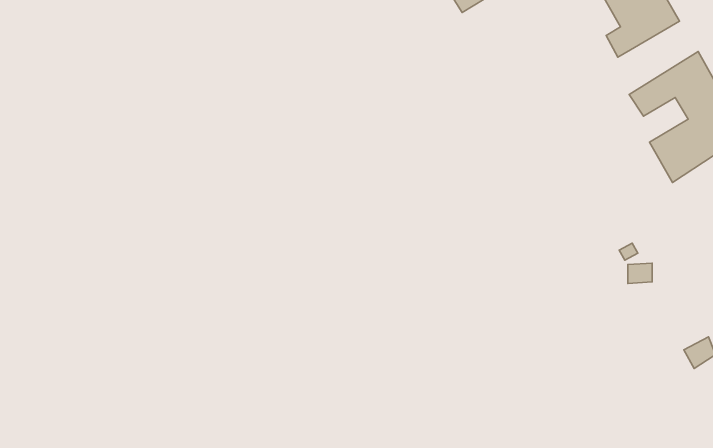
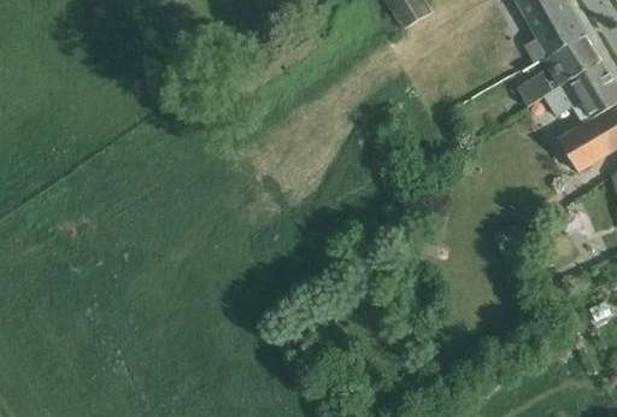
building: none -> [518,33,601,104]

